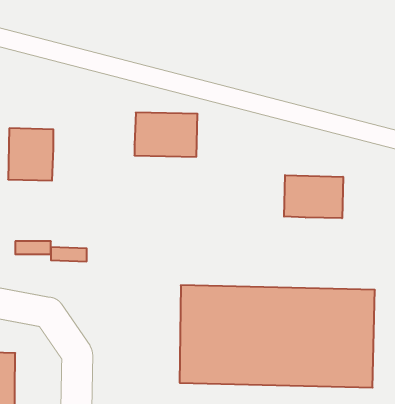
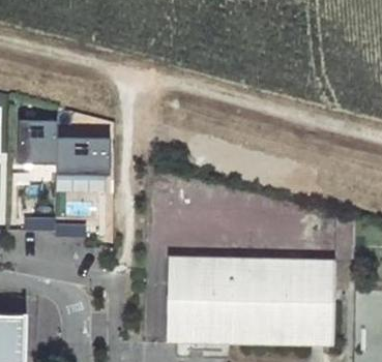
building: [134,113,198,157] -> [56,138,111,176]
building: [284,175,343,218] -> none

